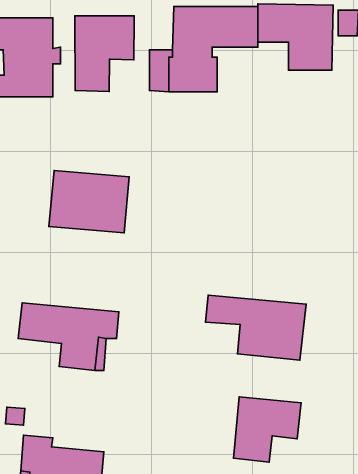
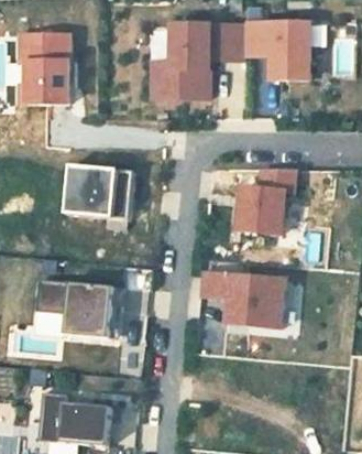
building: [75,16,134,91] -> none
building: none -> [240,169,297,234]
building: [233,397,301,462] -> none

